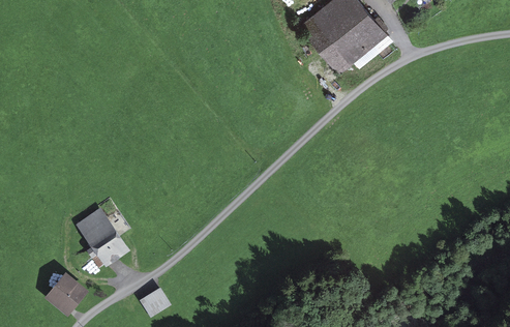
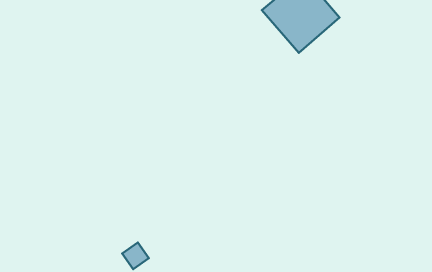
building: [79,211,126,266] -> none
building: [43,272,85,314] -> none

